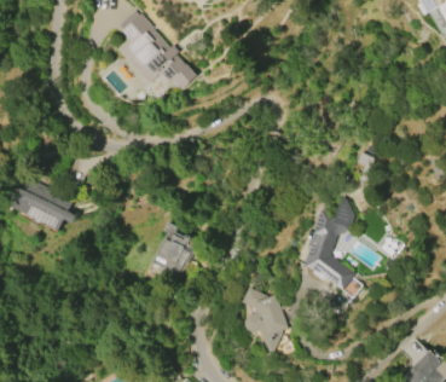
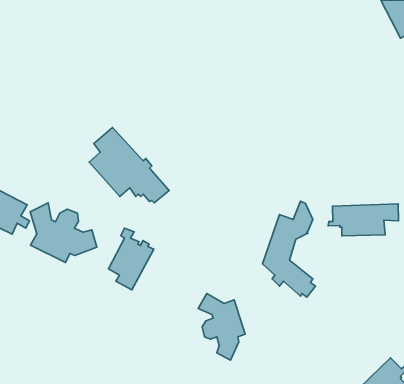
building: [117,15,196,88] -> [89,128,169,203]
building: none -> [30,203,97,262]
building: none -> [328,204,399,236]

